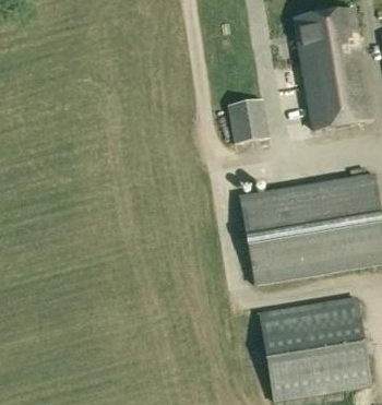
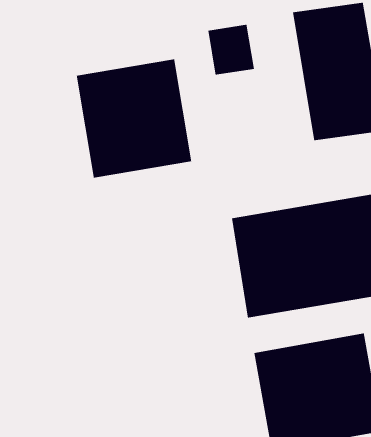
building: none -> [76,58,192,178]
building: [228,99,270,144] -> [207,24,255,75]

